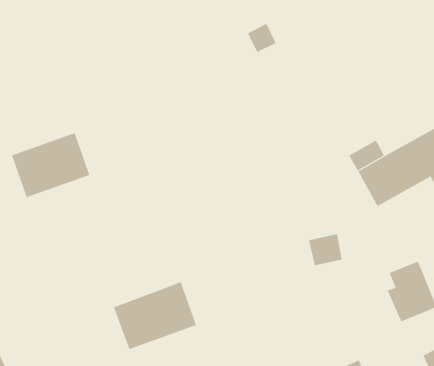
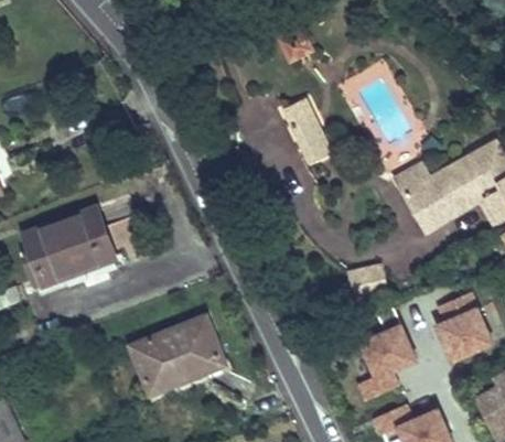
building: none -> [289,109,331,158]
building: [11,133,90,198] -> [24,209,112,282]
building: none -> [358,305,417,400]

